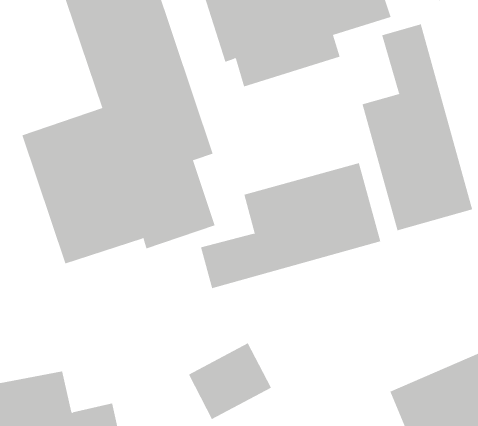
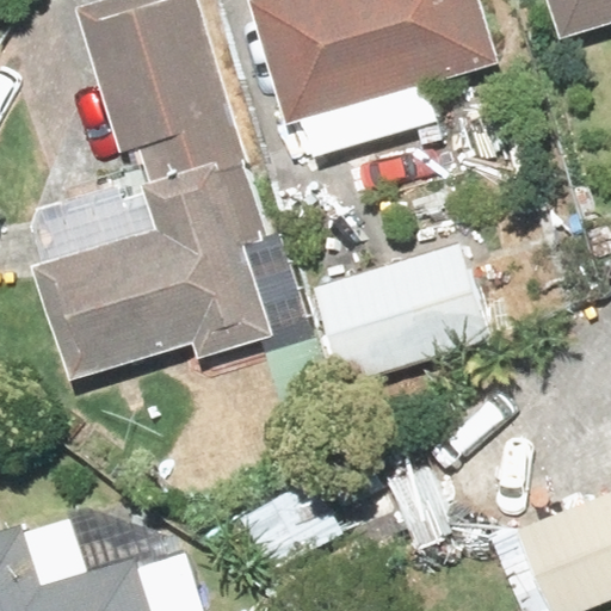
building: [362,24,473,231] -> none

